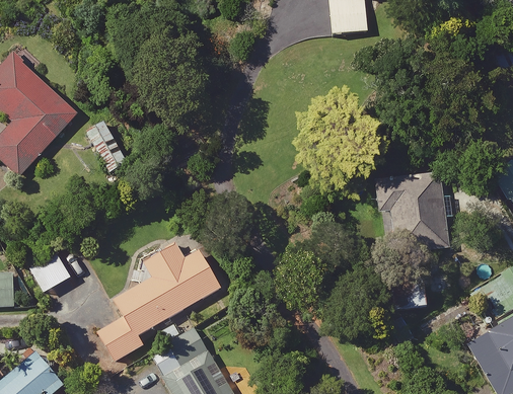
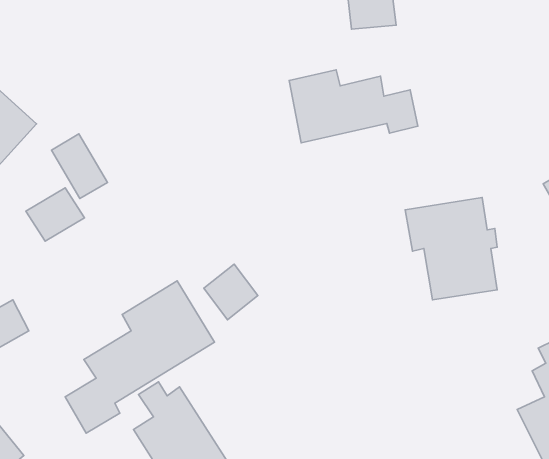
building: none -> [289,70,418,143]
building: none -> [26,188,85,241]
building: none -> [204,264,258,320]

